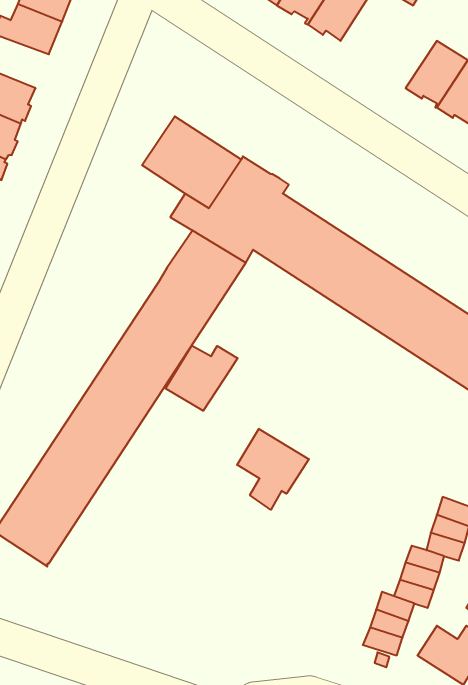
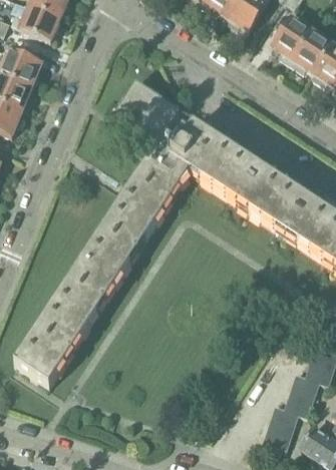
building: none -> [272,15,313,62]
building: [166,345,238,411] -> none
building: [237,429,309,510] -> none

